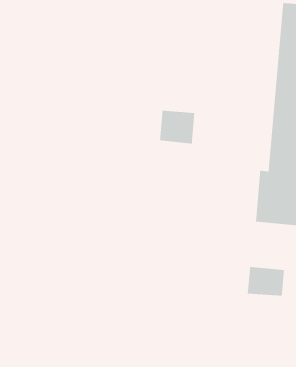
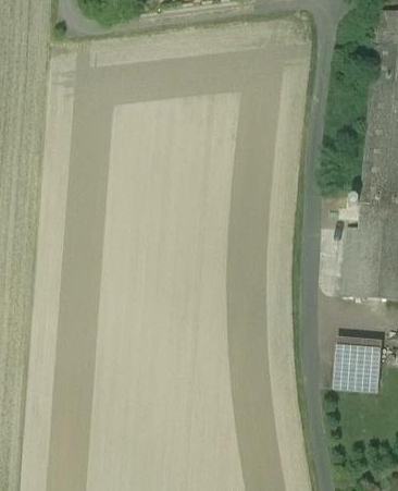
building: [159,110,195,145] -> none

